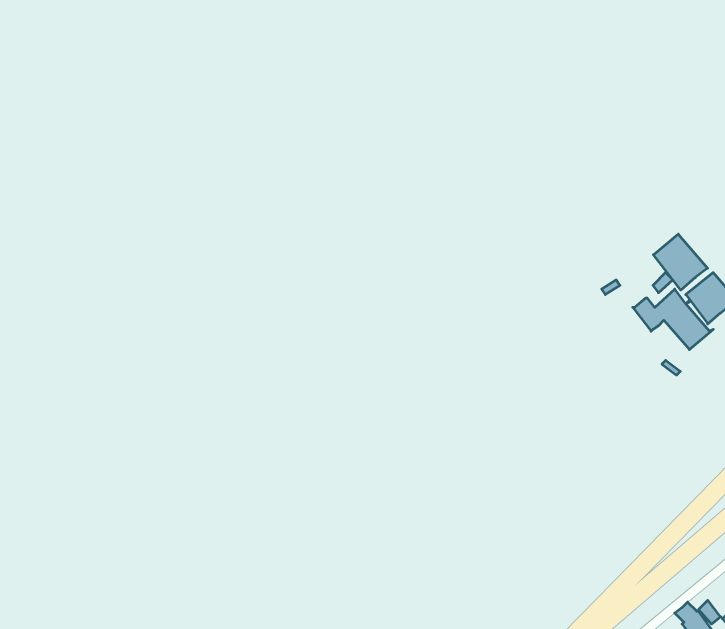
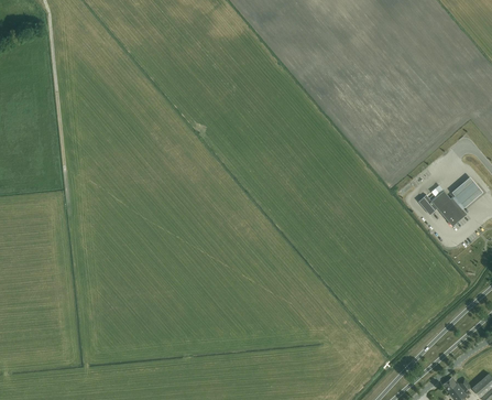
building: [653,234,708,290] -> none

